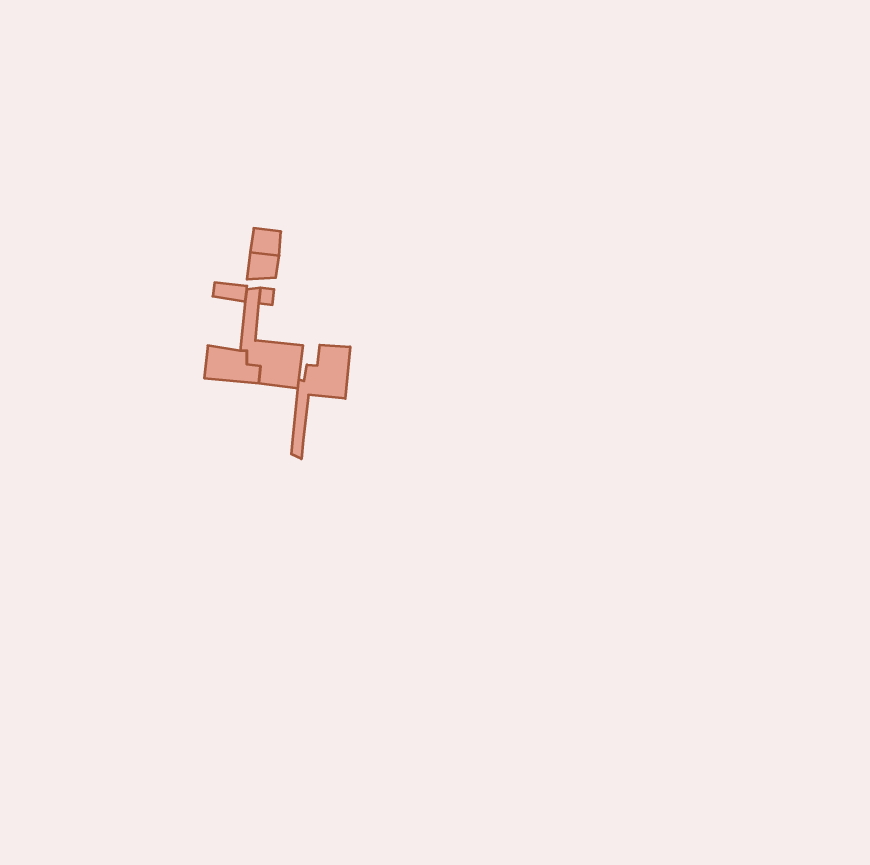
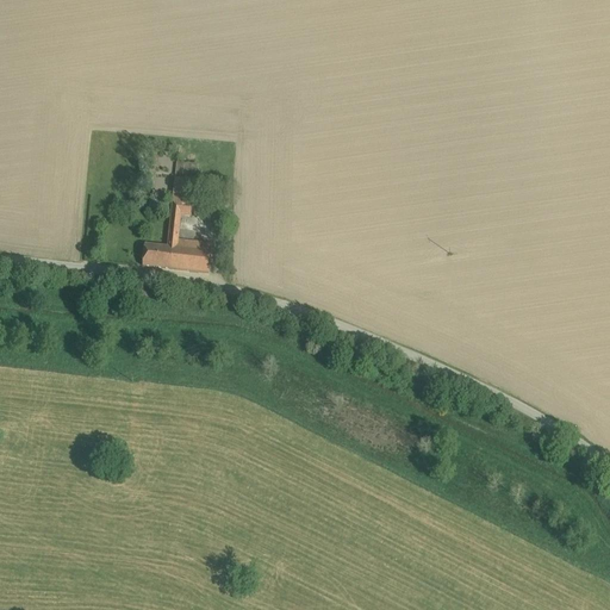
building: [291,345,350,459] -> none

